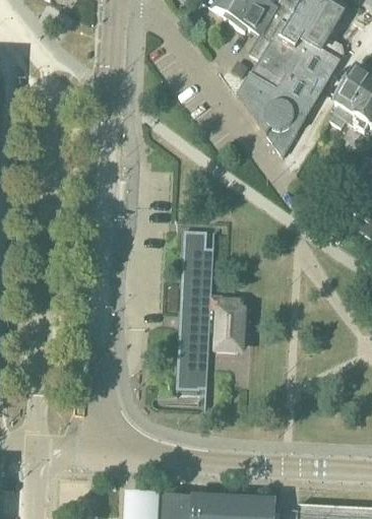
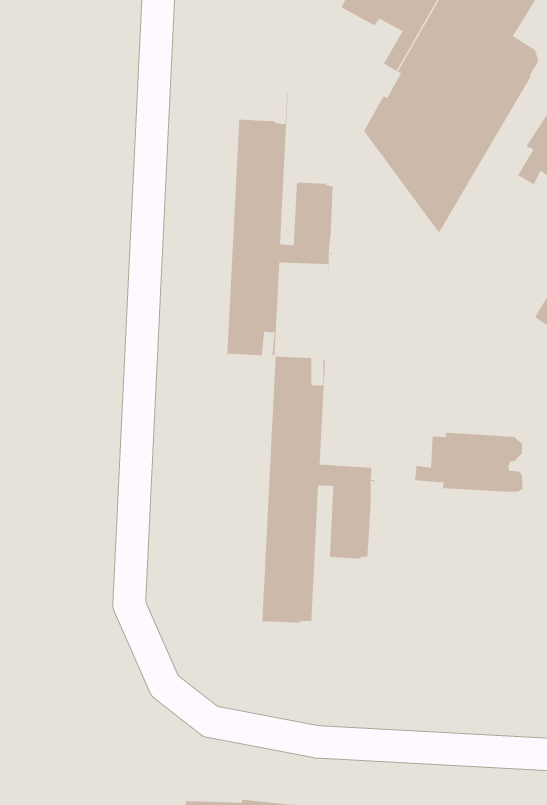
building: none -> [227,93,333,356]
building: none -> [415,432,523,492]

